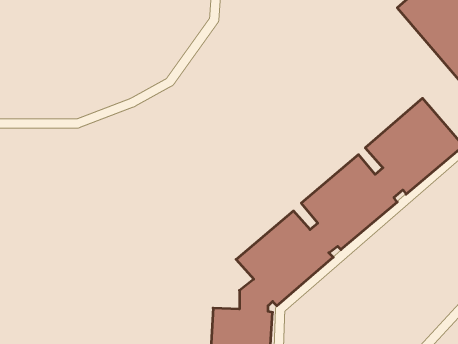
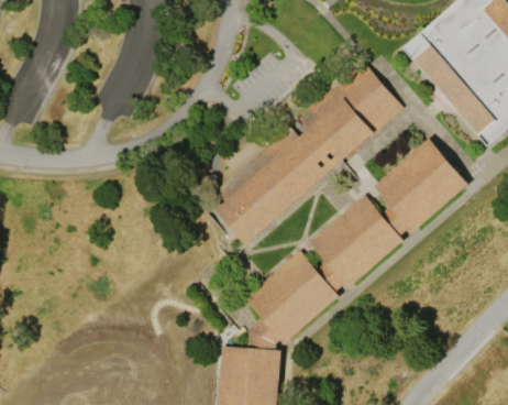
building: none -> [213,62,402,244]

